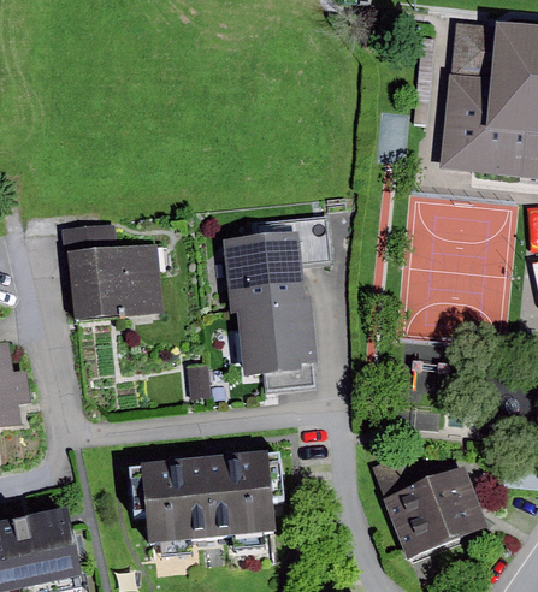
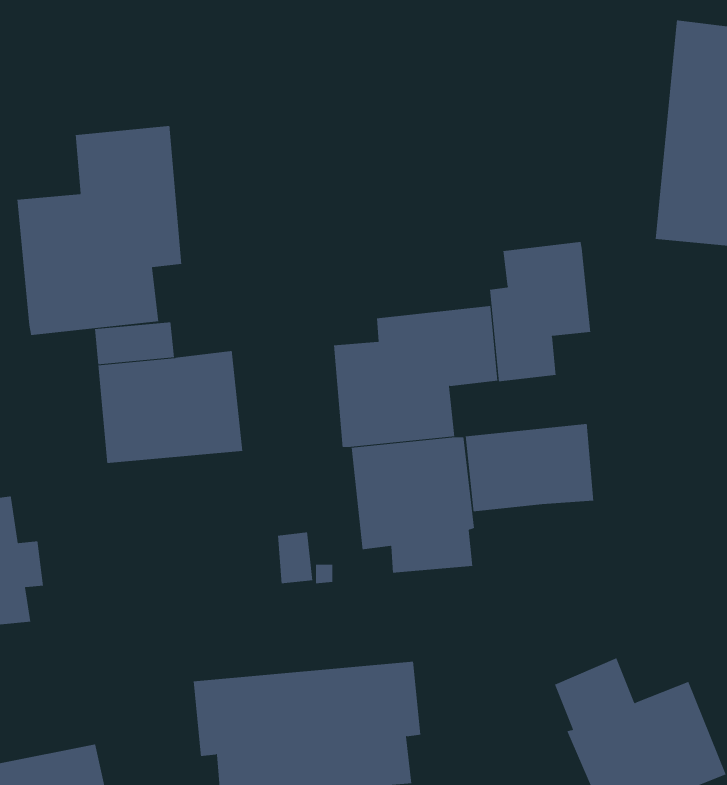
building: none -> [17,125,182,336]
building: none -> [490,241,591,382]
building: none -> [465,423,594,512]

